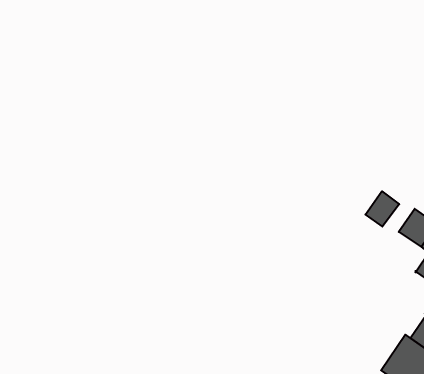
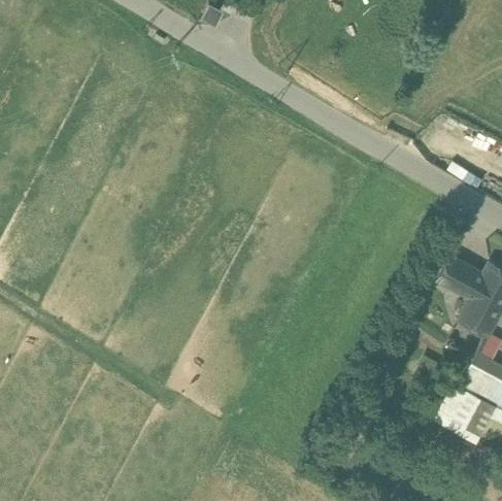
building: [365,191,399,227] -> none

